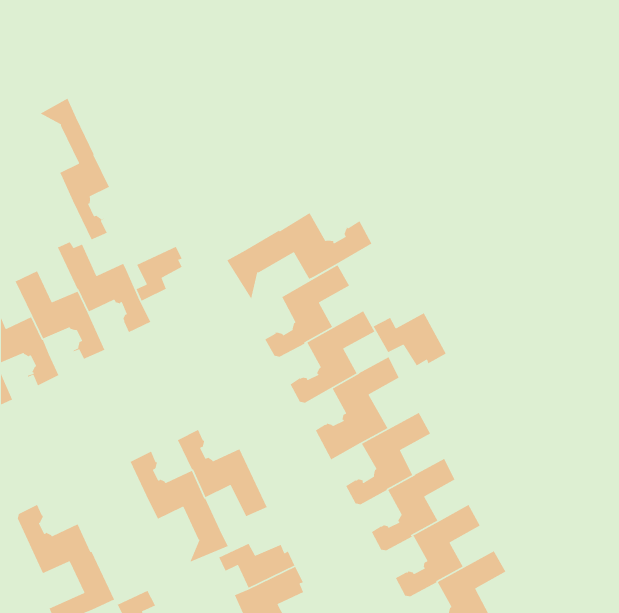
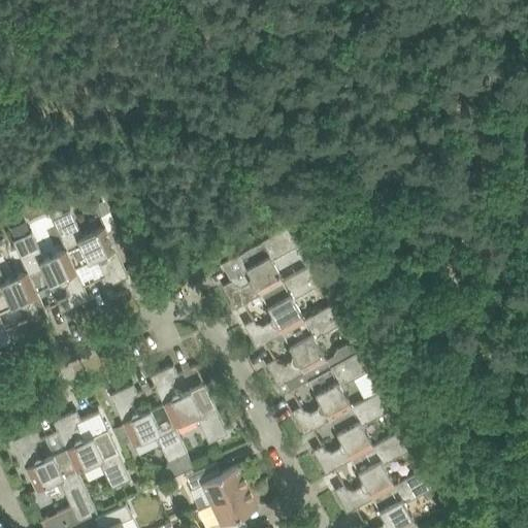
building: [39,97,110,241] -> none
building: [226,213,373,300] -> none
building: [135,246,183,302] -> none
building: [372,312,447,367] -> none
building: none -> [55,415,131,491]

